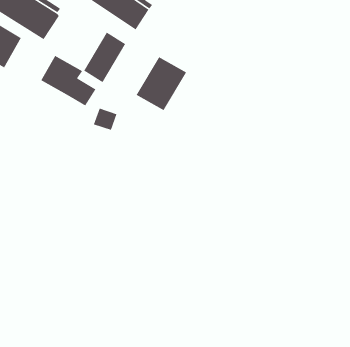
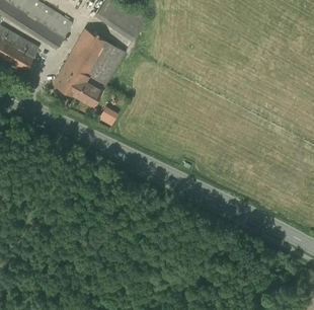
building: [136,56,187,111] -> [66,28,108,74]

